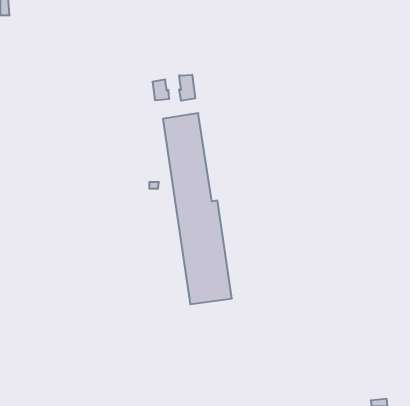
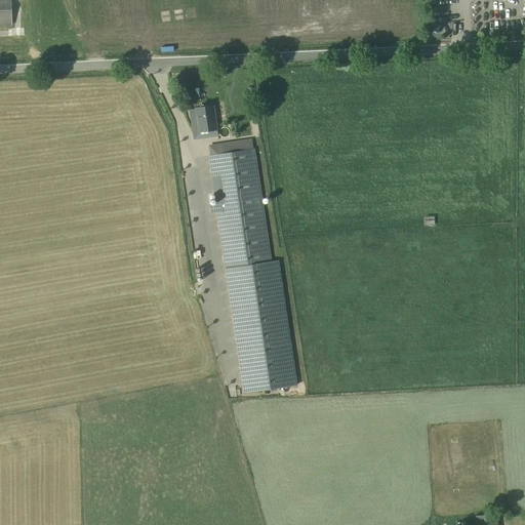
building: [179,75,195,101] -> none

